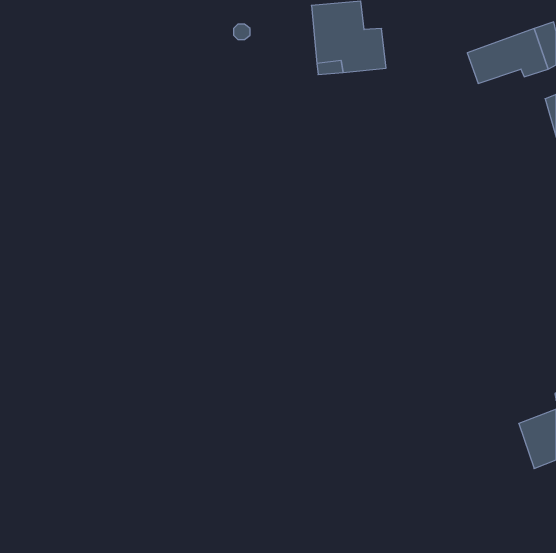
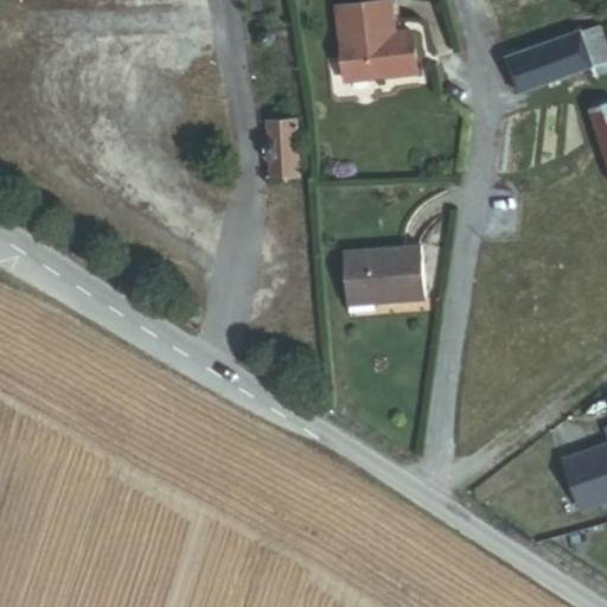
building: none -> [263,122,295,174]
building: none -> [343,245,421,307]

